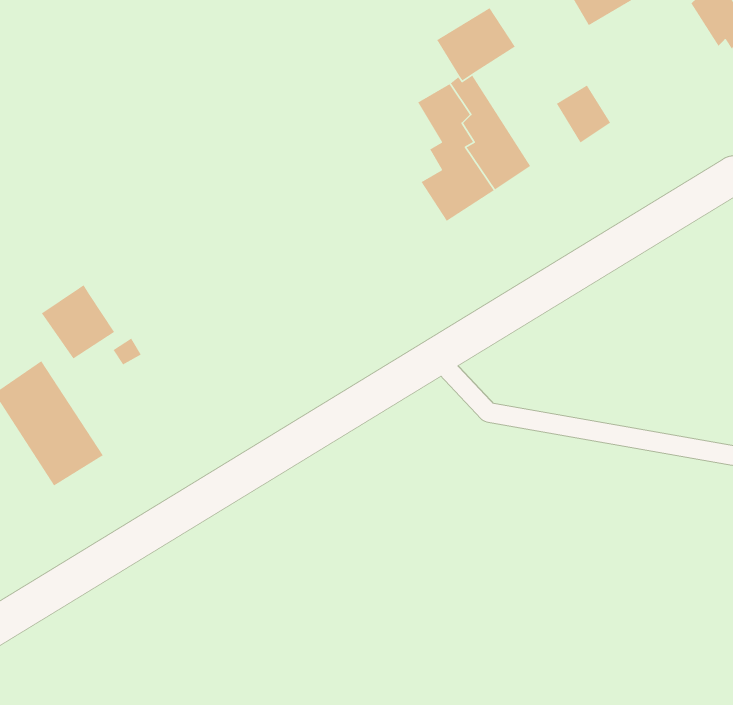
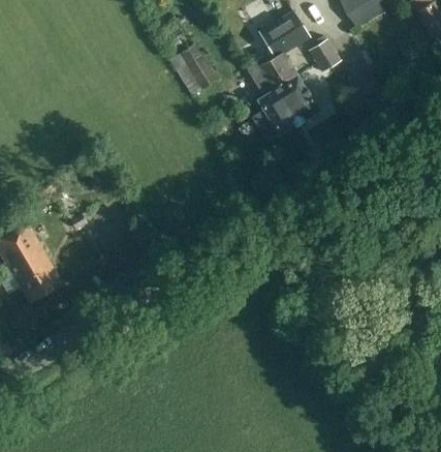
building: none -> [179,43,216,89]
building: [556,85,611,143] -> [307,37,340,72]
building: [41,284,115,359] -> none

